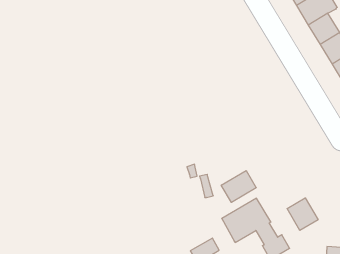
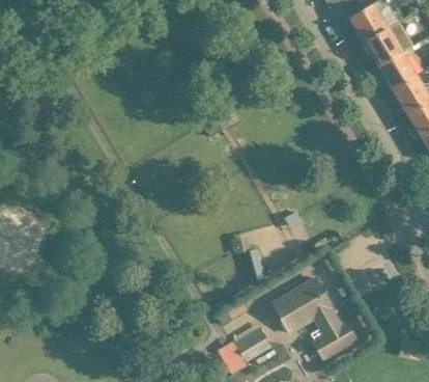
building: [221,171,256,202] -> none
building: [287,198,318,230] -> none

